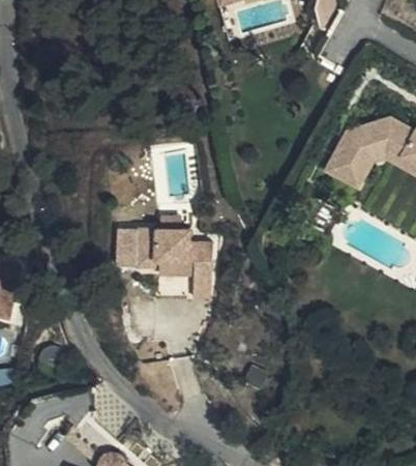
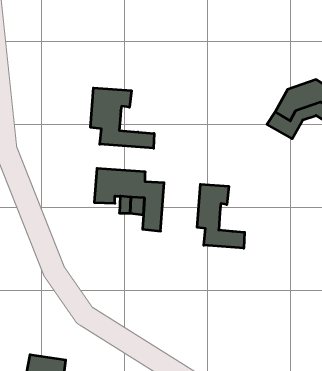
building: none -> [91,88,154,148]
building: none -> [197,184,245,248]

